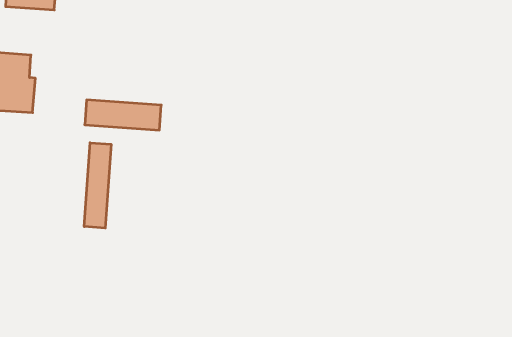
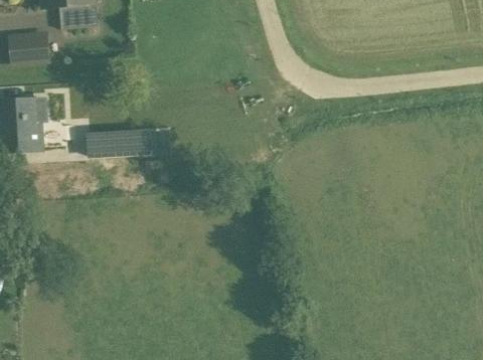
building: [84,143,111,228] -> none

